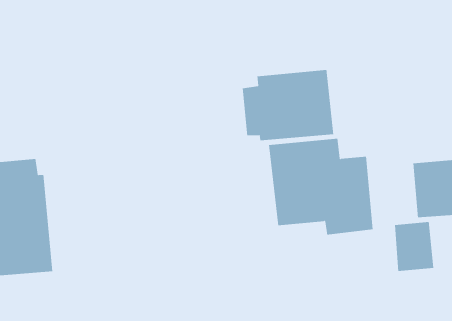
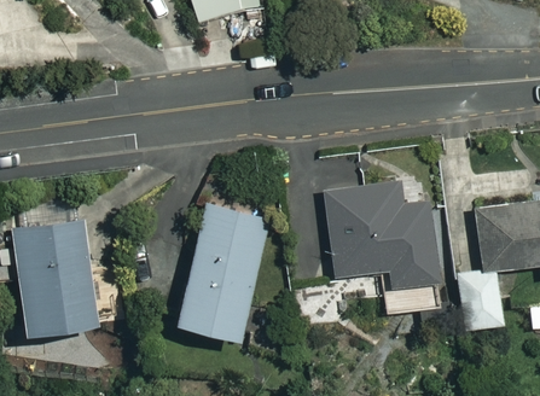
building: [242,69,334,141] -> none
building: none -> [169,199,273,336]

